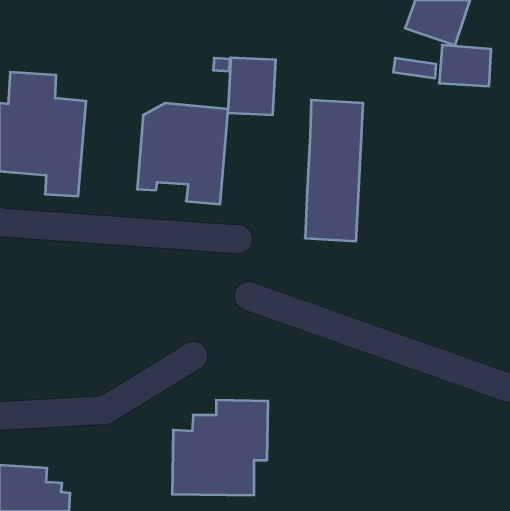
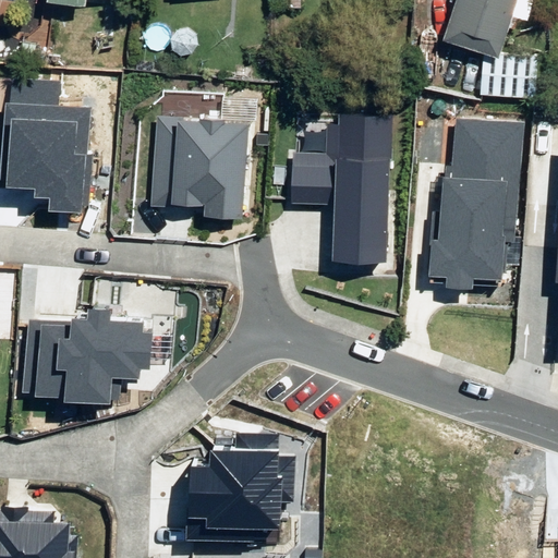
building: [228,58,276,115] -> [286,145,338,207]
building: none -> [425,116,525,288]
building: none -> [27,311,149,403]

